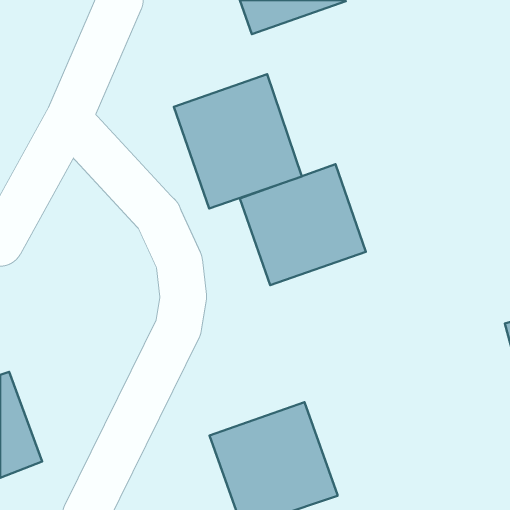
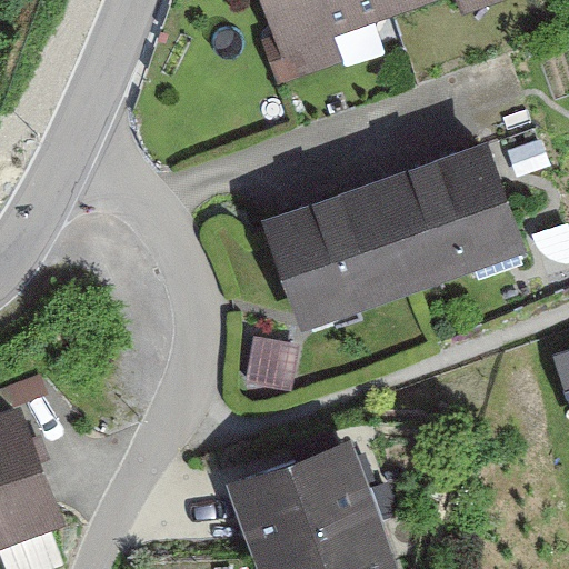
building: [174,74,302,208] -> none
building: none -> [376,150,516,283]

